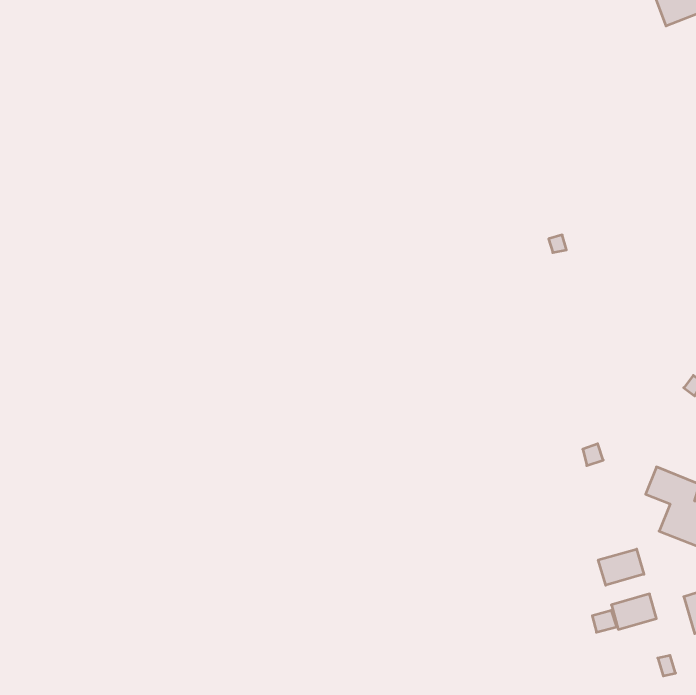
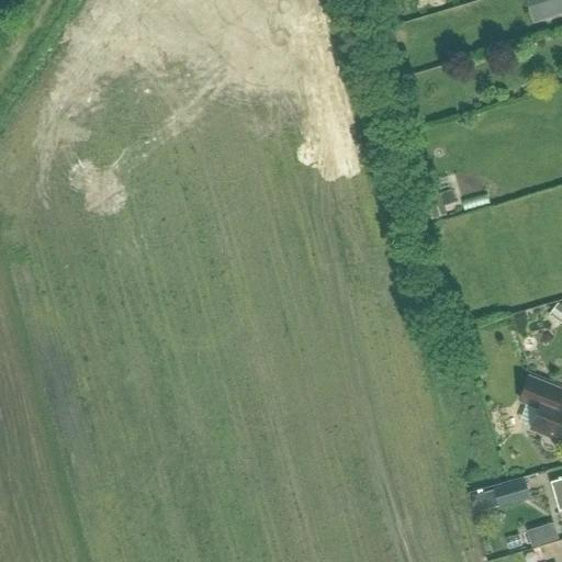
building: [598,549,644,585] -> none

